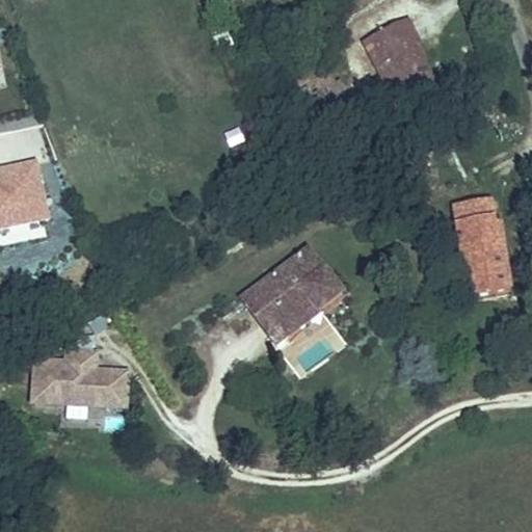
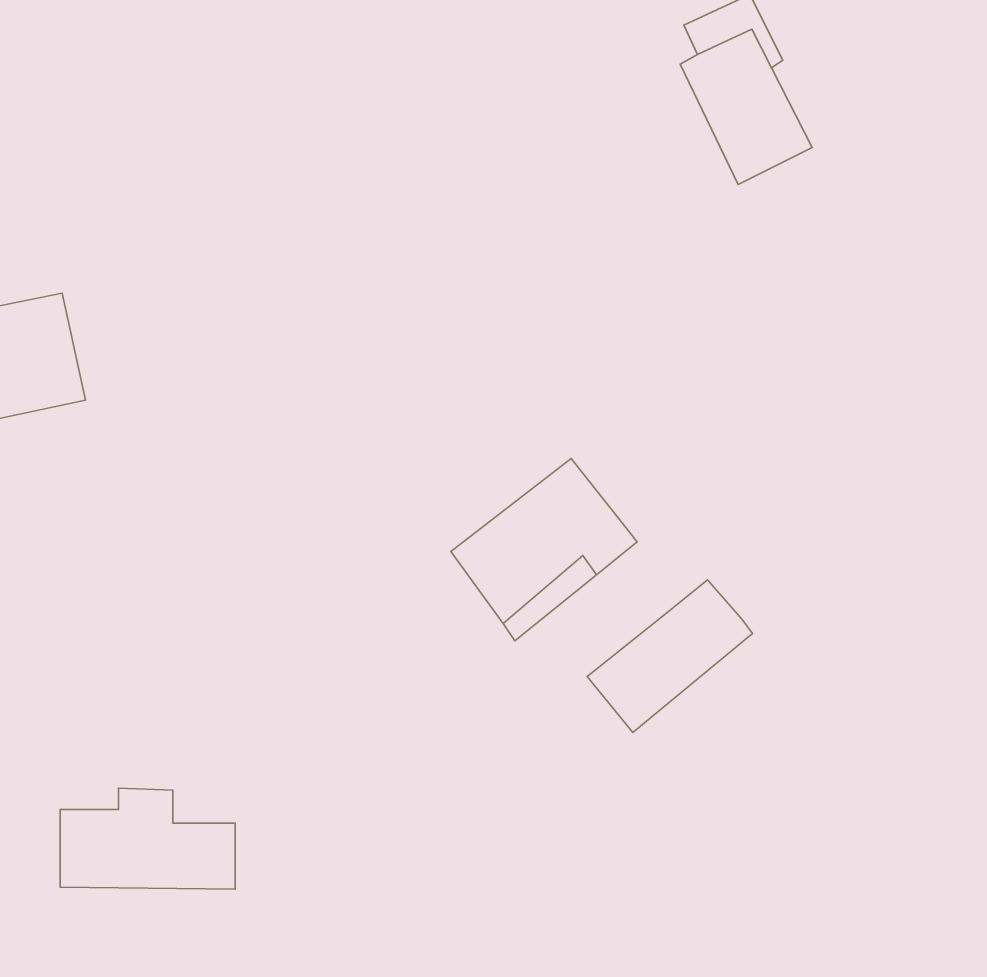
building: [459,200,504,286] -> none
building: none -> [587,580,752,733]
building: [42,355,135,409] -> [60,788,235,889]

